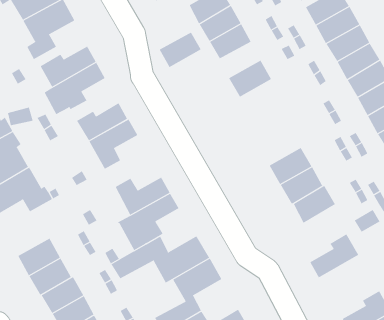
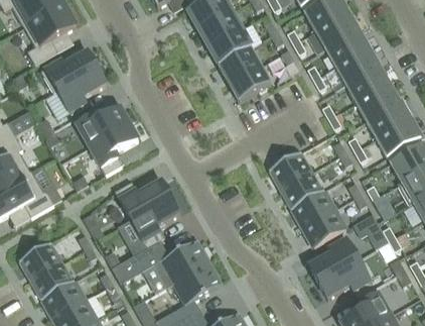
building: [159,31,202,68] -> [218,46,260,83]
building: none -> [302,208,345,246]
building: none -> [317,258,374,297]

